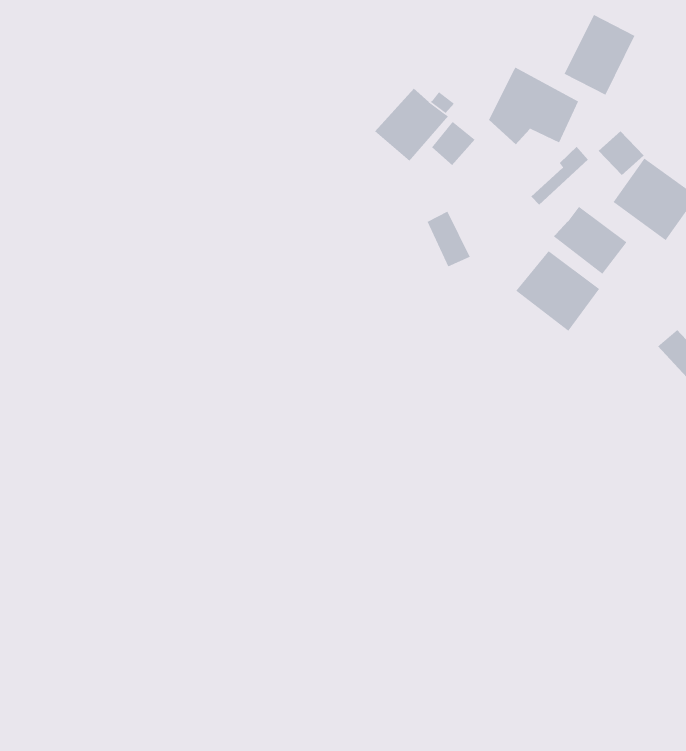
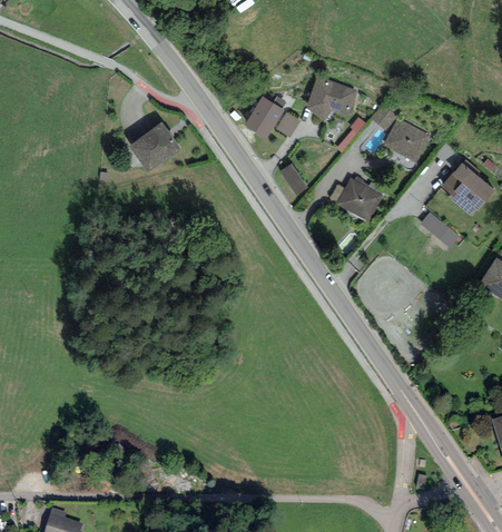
building: [564,14,636,96] -> none
building: none -> [129,121,181,171]
building: [553,206,628,275] -> none

